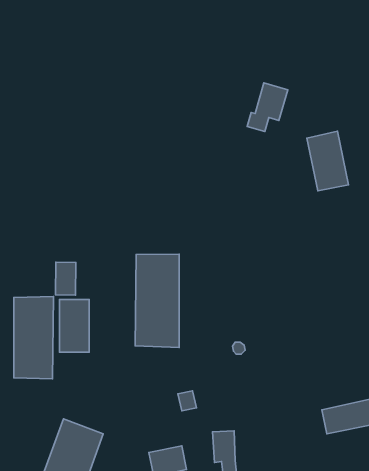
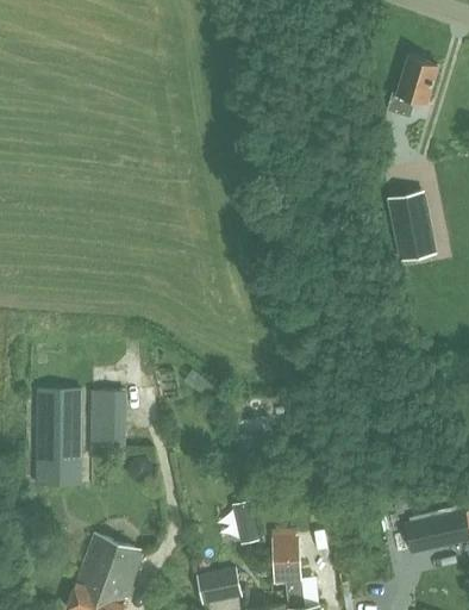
building: [247,83,288,131] -> [387,57,436,116]
building: [135,254,179,347] -> none
building: [55,262,76,295] -> none

